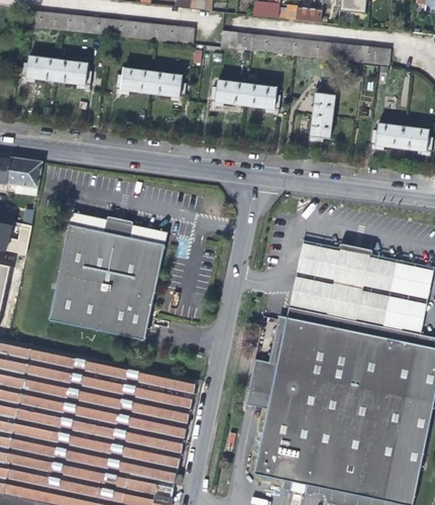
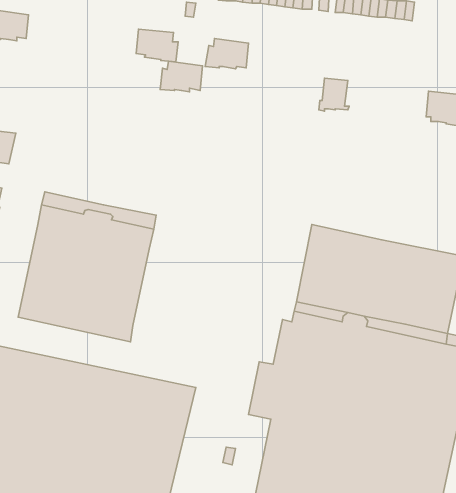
building: [56,61,91,89] -> none
building: [116,69,152,95] -> [160,61,202,92]
building: [245,85,280,113] -> none
building: [313,87,339,117] -> none
building: [369,123,403,152] -> none

